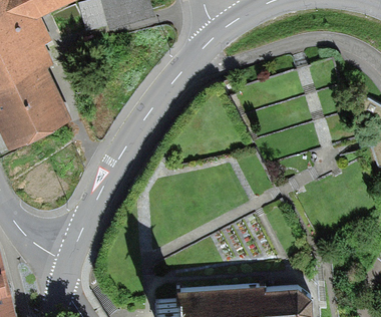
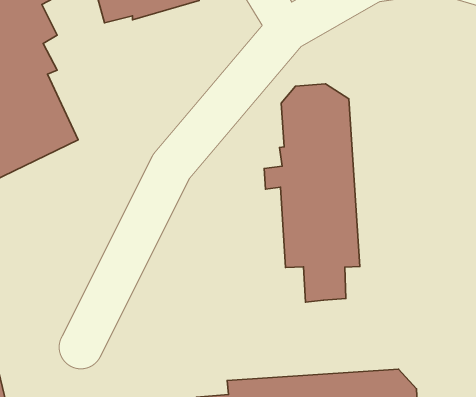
building: none -> [264,84,360,302]

